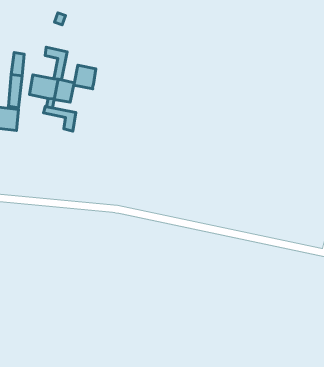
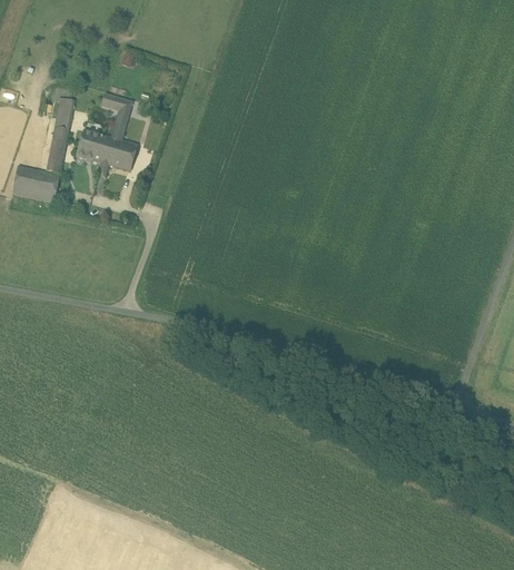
building: [74,65,96,89] -> none
building: [43,107,76,131] -> none

